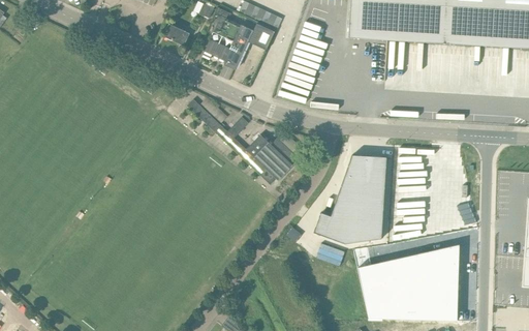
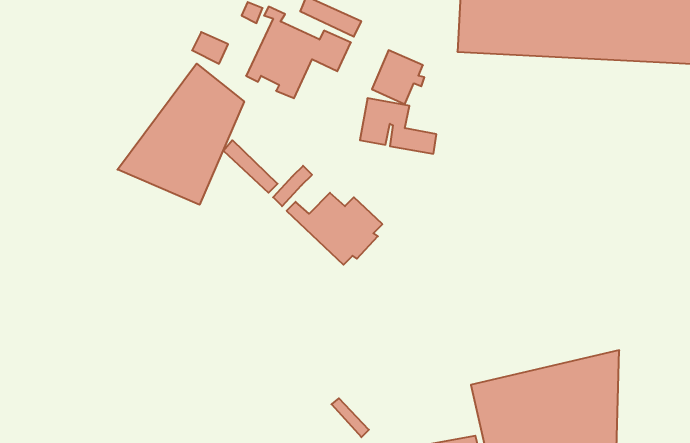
building: none -> [117,64,244,205]
building: [313,154,387,243] -> none

